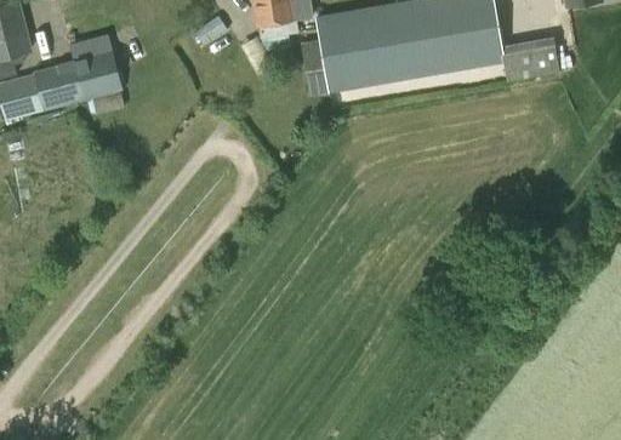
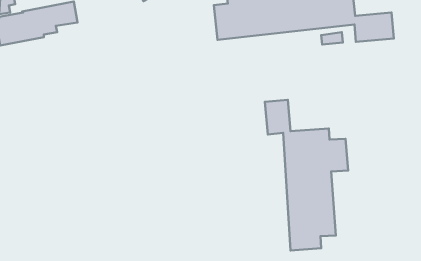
building: none -> [265,100,348,250]

